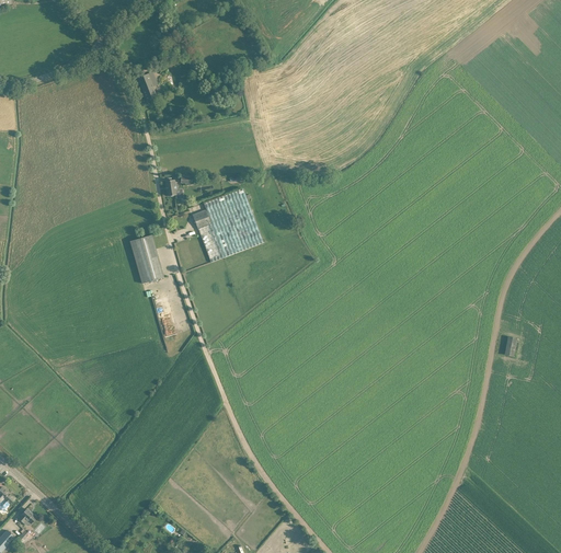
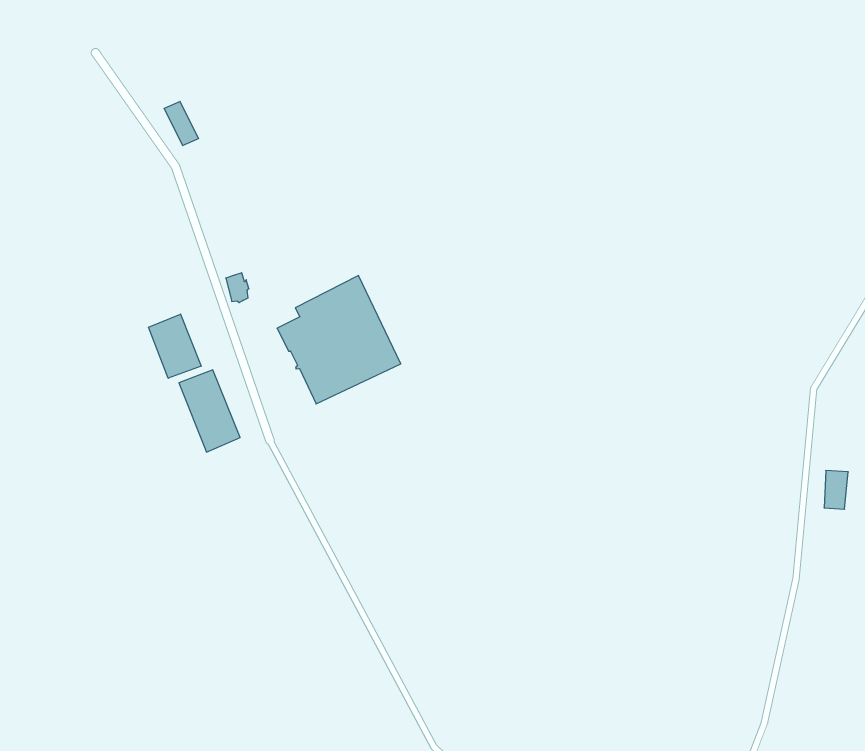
building: none -> [149,314,201,378]

